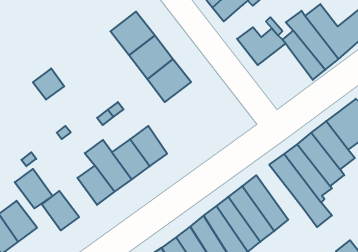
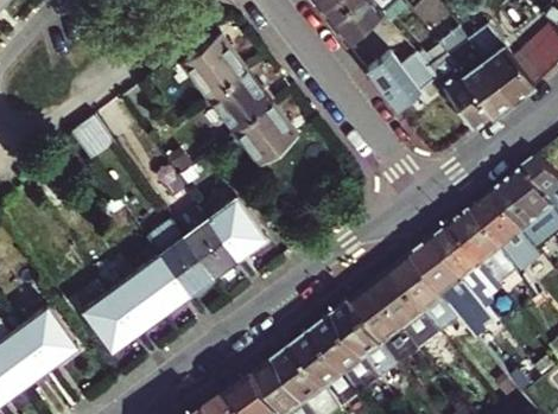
building: none -> [391,255,458,335]
building: [15,169,53,208] -> [107,274,161,331]

